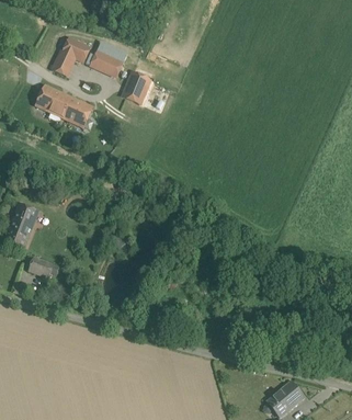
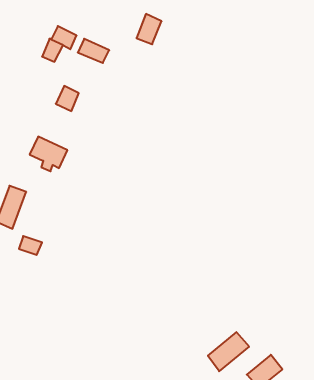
building: [124,71,150,103] -> [136,14,162,44]
building: [37,86,77,122] -> [30,137,67,171]
building: none -> [208,332,249,371]

